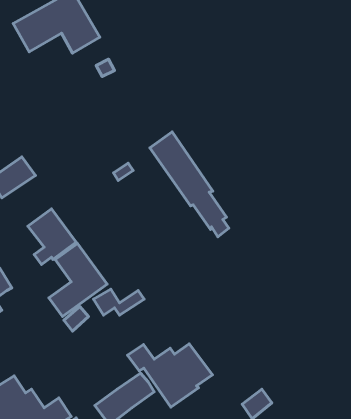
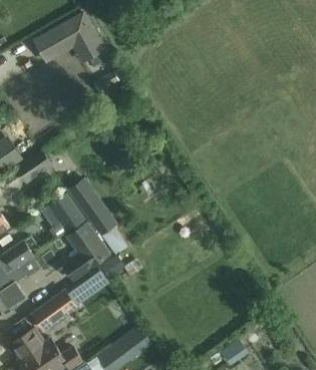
building: [150,132,229,237] -> [66,176,130,262]
building: none -> [30,289,77,332]
building: [127,344,213,407] -> none

